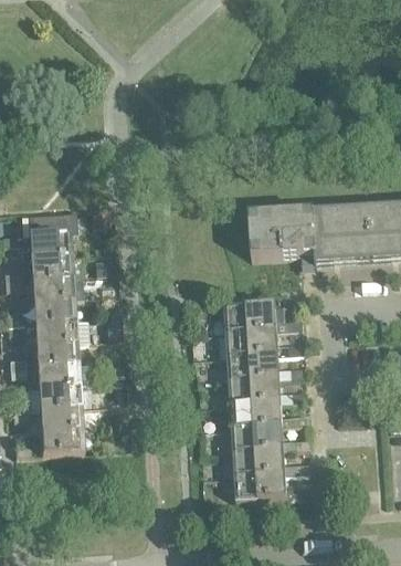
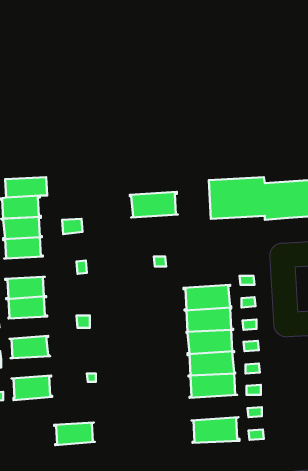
building: [31,296,75,321] -> none
building: [224,303,276,331] -> [130,192,178,217]
building: [35,361,78,386] -> none
building: [38,405,82,429] -> [54,423,95,445]
building: [232,447,285,474] -> none

